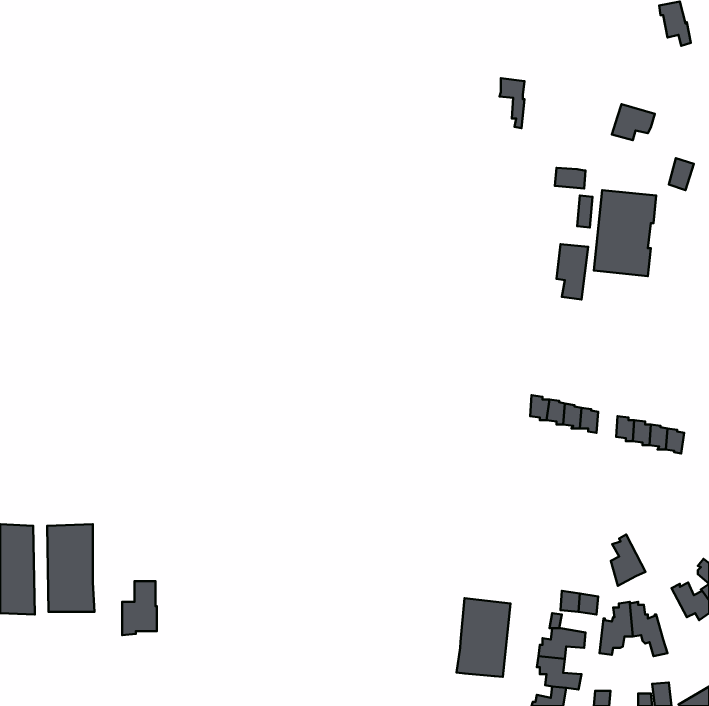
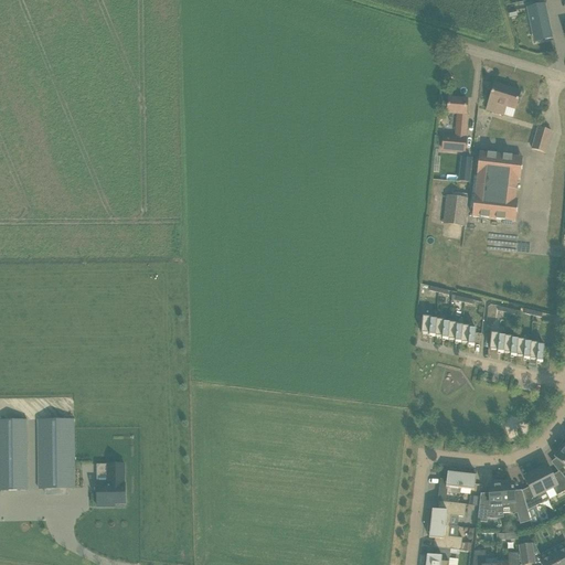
building: [499,78,524,128] -> [447,96,467,136]
building: [611,534,645,586] -> [522,468,550,509]
building: [457,598,511,677] -> none

